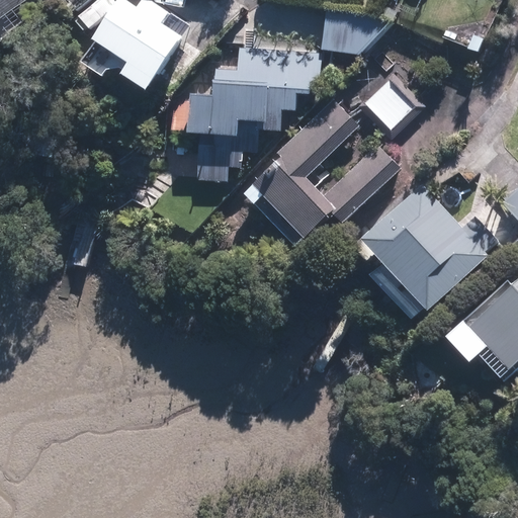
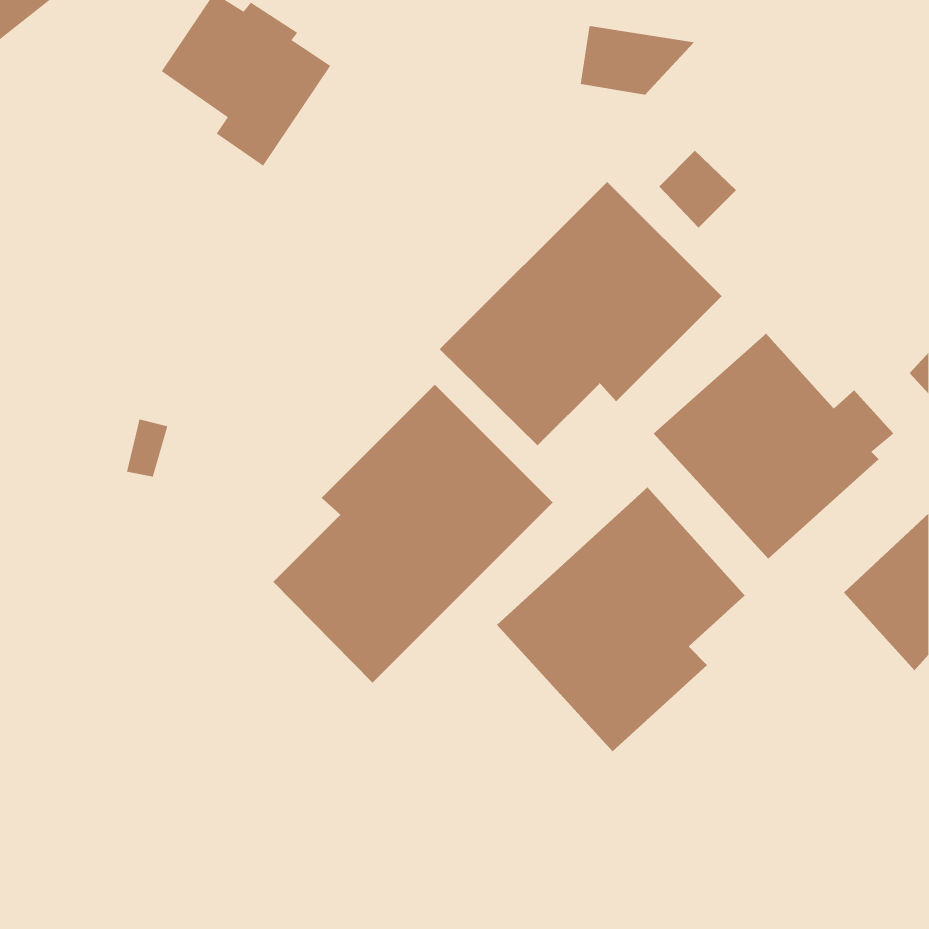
building: [185,51,312,180] -> none
building: none -> [273,384,553,683]
building: none -> [496,487,746,752]

